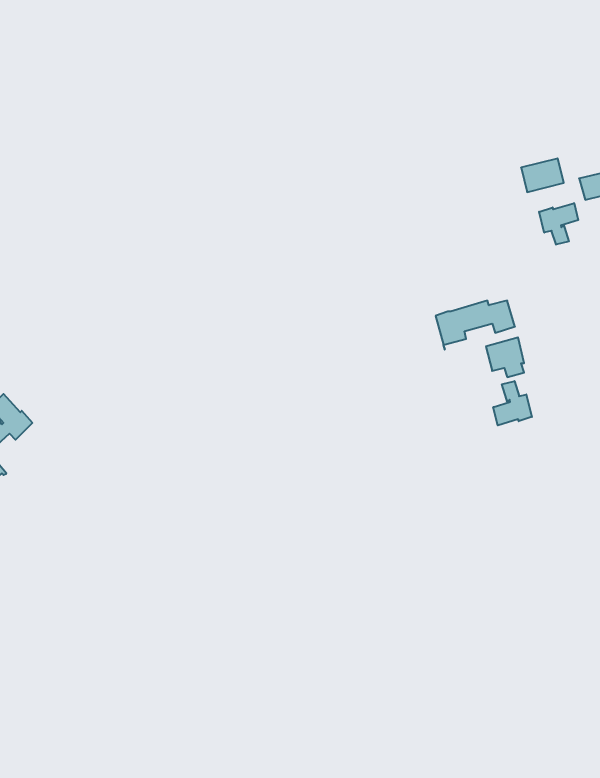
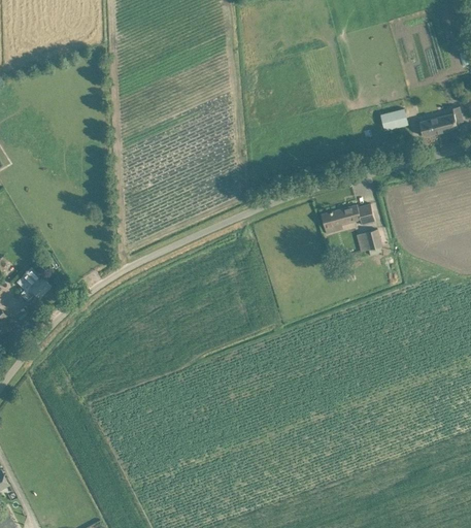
building: [539,203,578,245] -> none
building: [493,381,532,425] -> none

